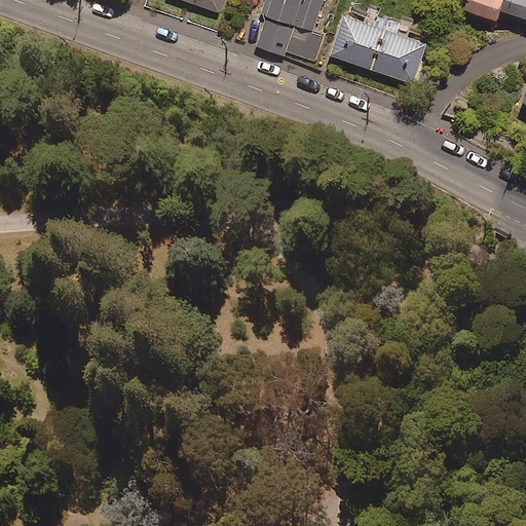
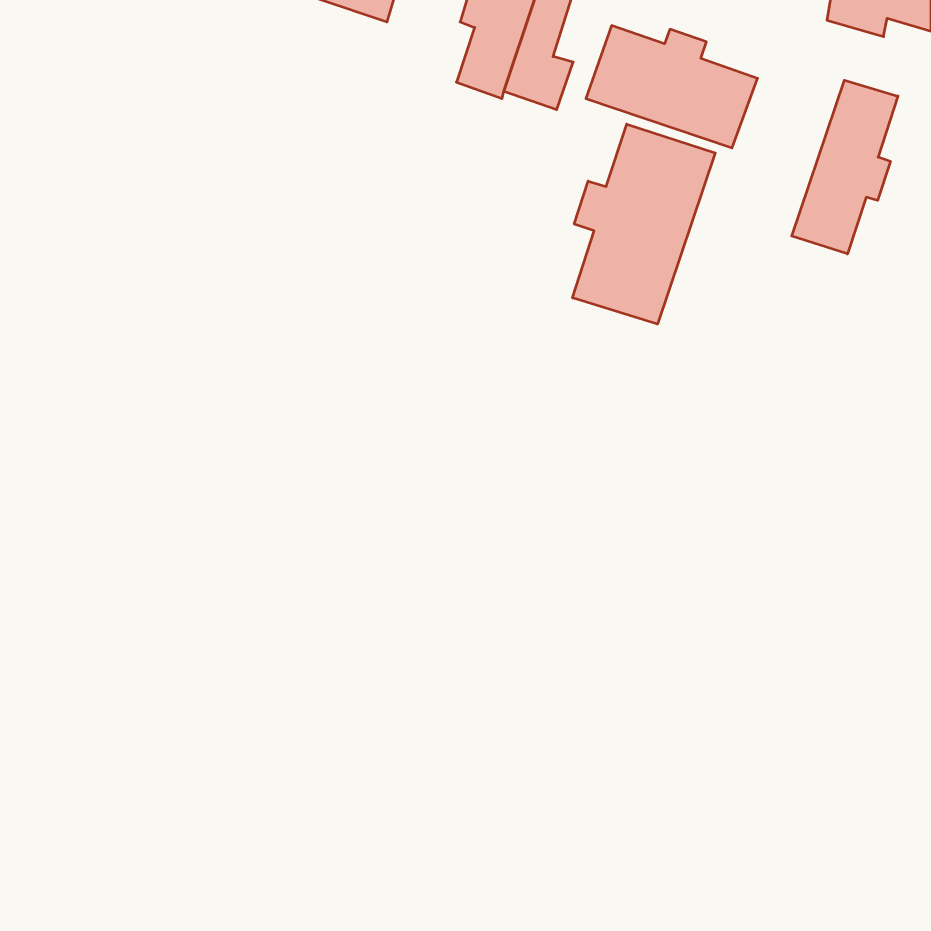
building: none -> [792,80,898,254]
building: none -> [573,124,715,324]

